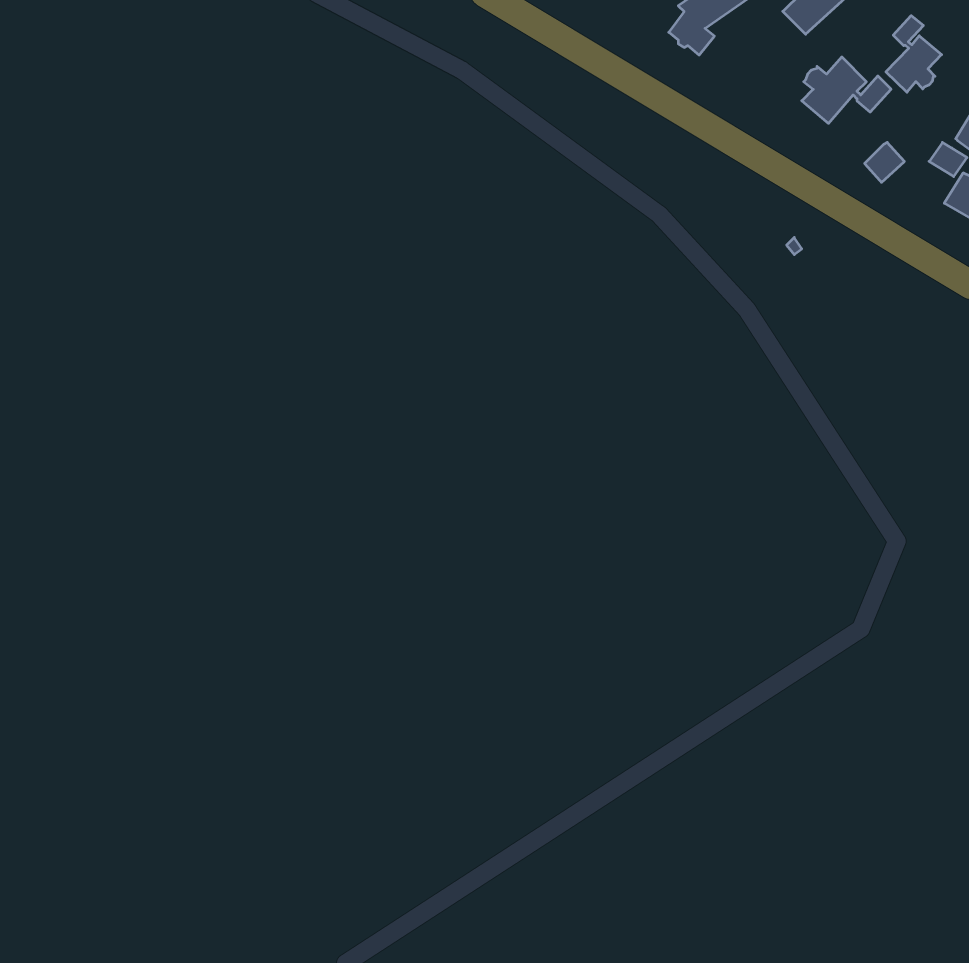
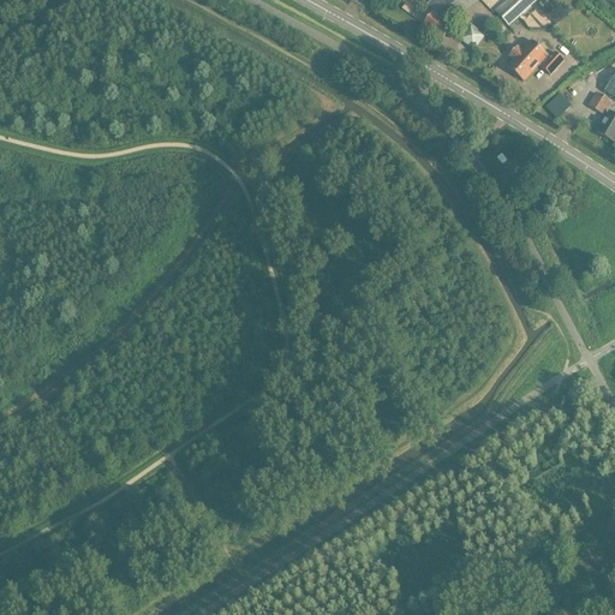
building: [886,16,942,92] -> none

